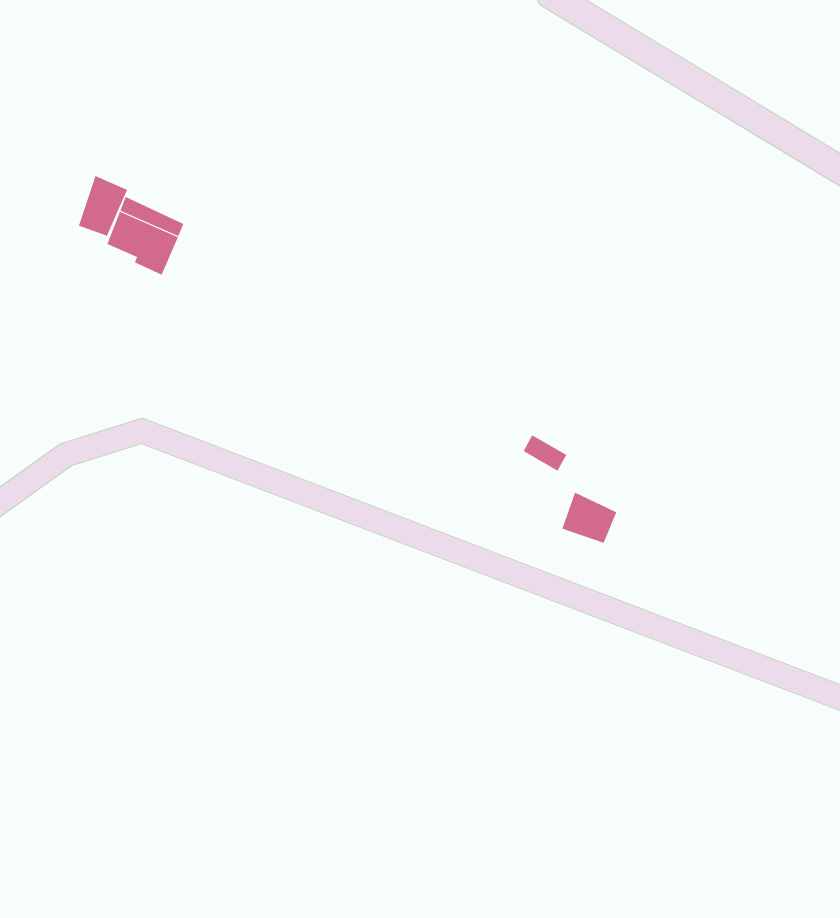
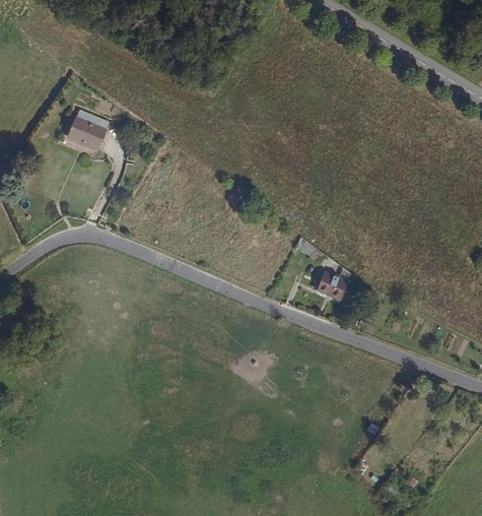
building: [78,175,128,236] -> none

